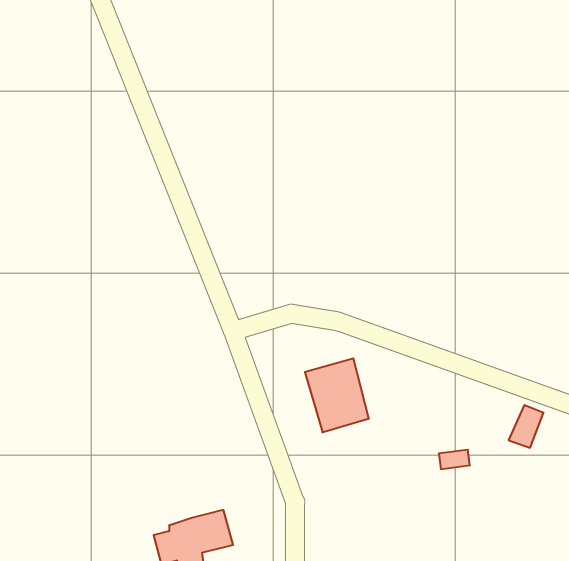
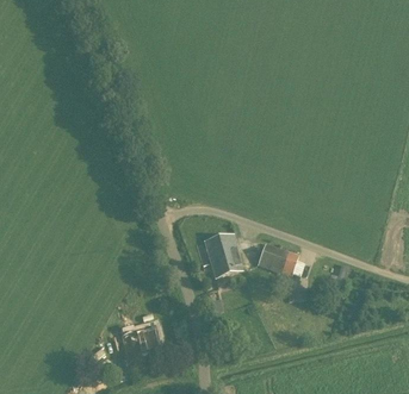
building: none -> [258,240,299,275]

